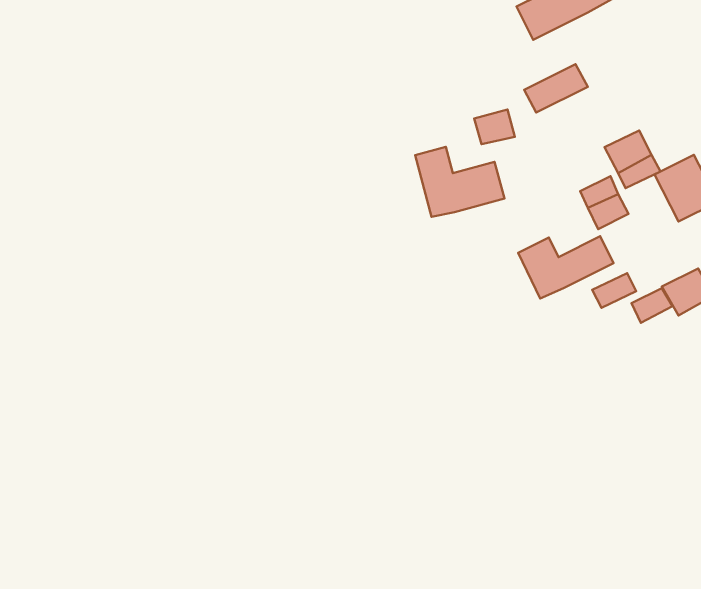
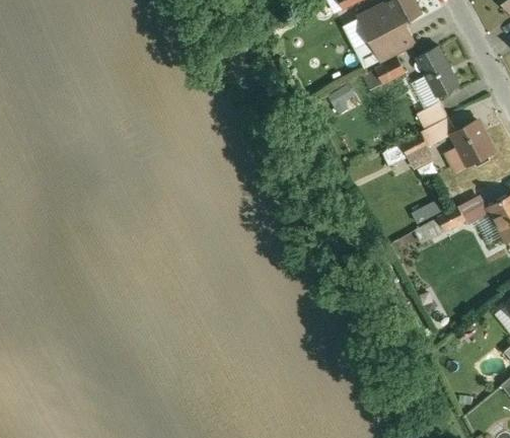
building: none -> [370,24,417,63]
building: none -> [414,46,456,96]
building: [415,147,505,217] -> none
building: [518,236,614,299] -> none

